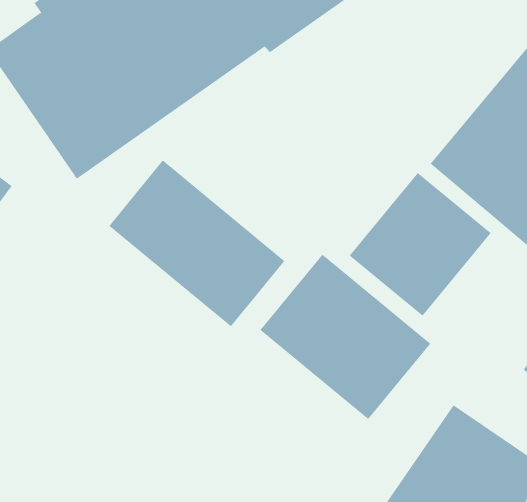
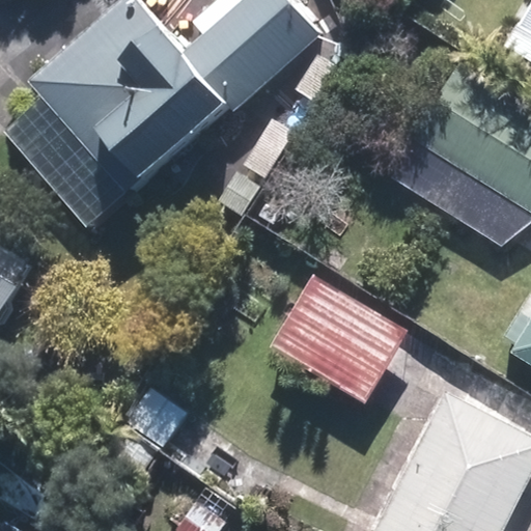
building: [108,160,285,327] -> none
building: [349,172,491,317] -> none

